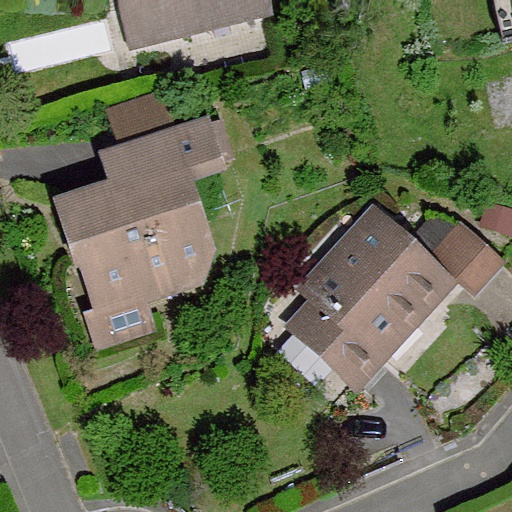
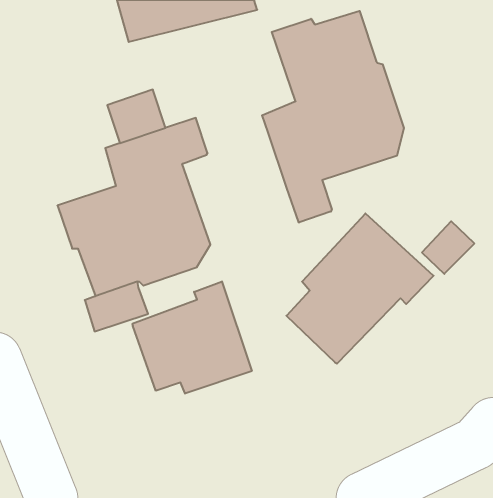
building: none -> [262,11,404,223]
building: none -> [133,281,252,394]

